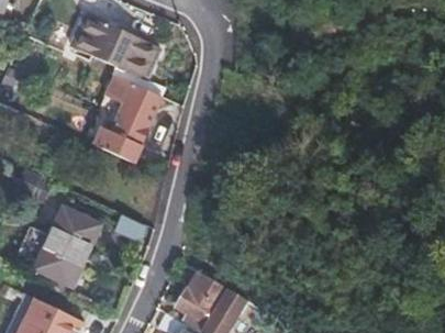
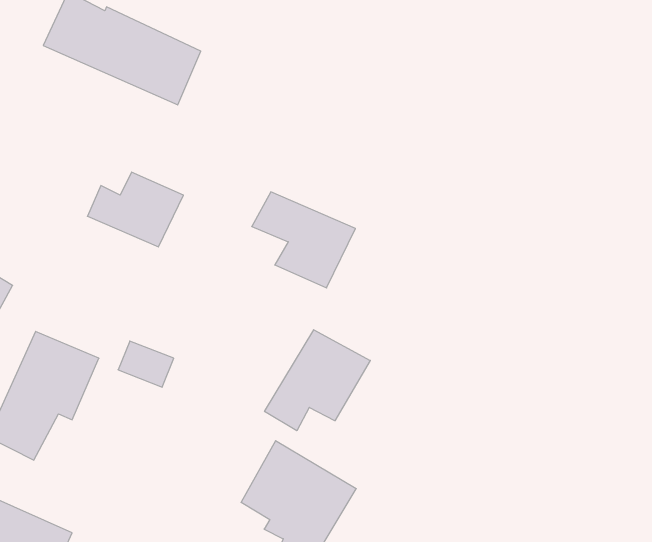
building: [103,74,163,129] -> [252,192,355,288]
building: none -> [265,330,370,431]

